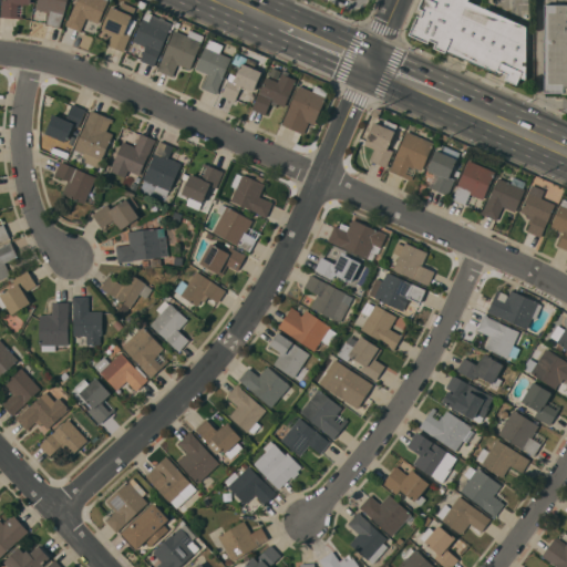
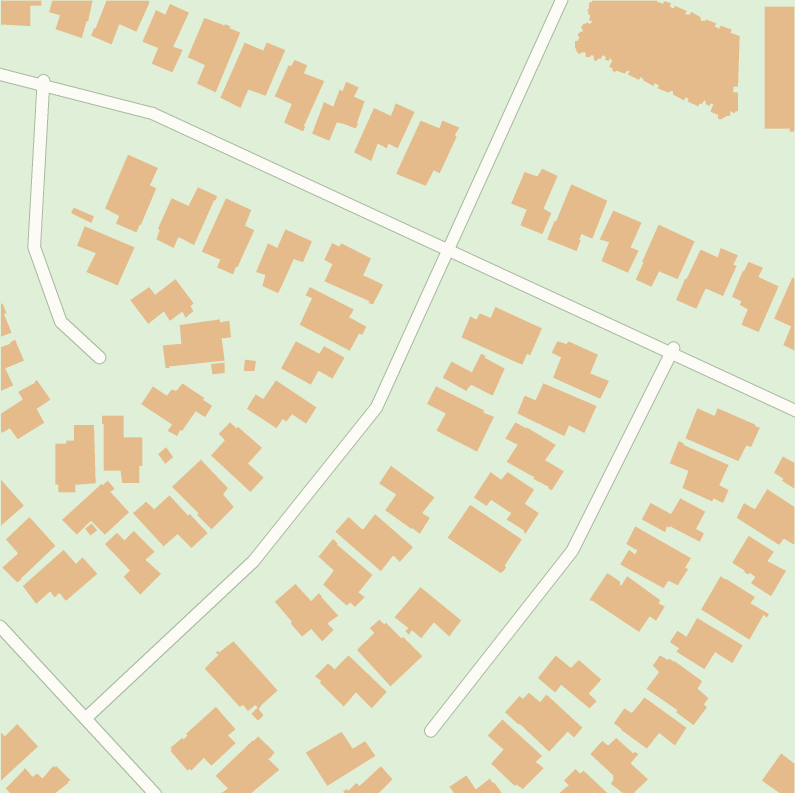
building: [44,104,85,143] -> none
building: [278,308,337,351] -> none
building: [300,391,348,440] -> none
building: [39,417,87,457] -> [61,480,130,536]
building: [177,432,219,484] -> none
building: [406,432,456,483] -> none
building: [103,480,147,534] -> none

